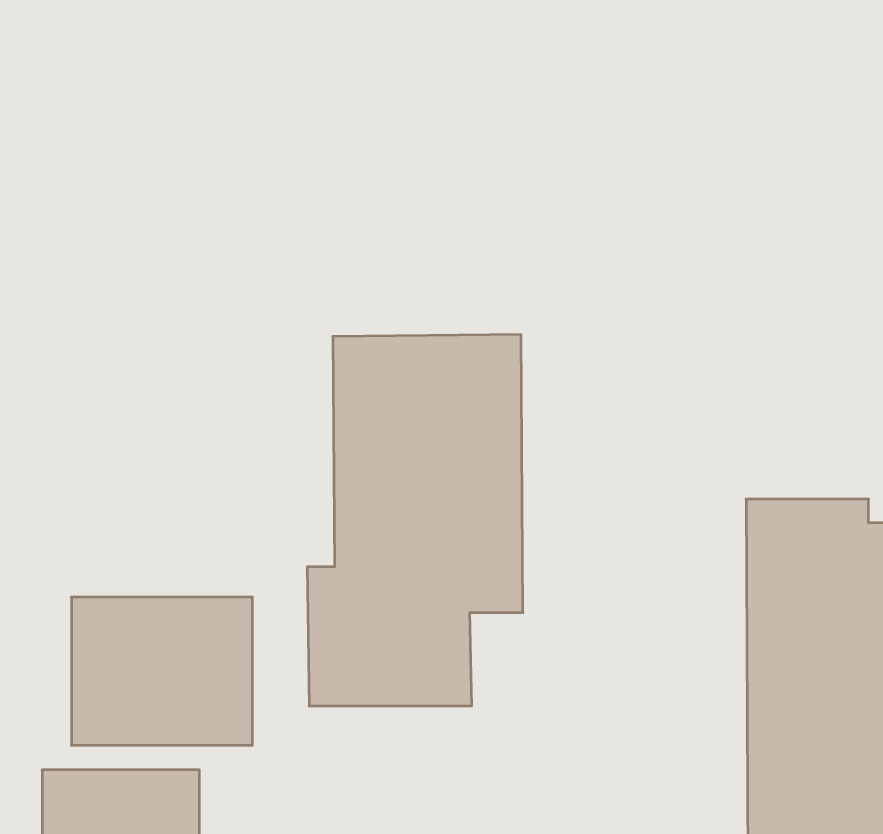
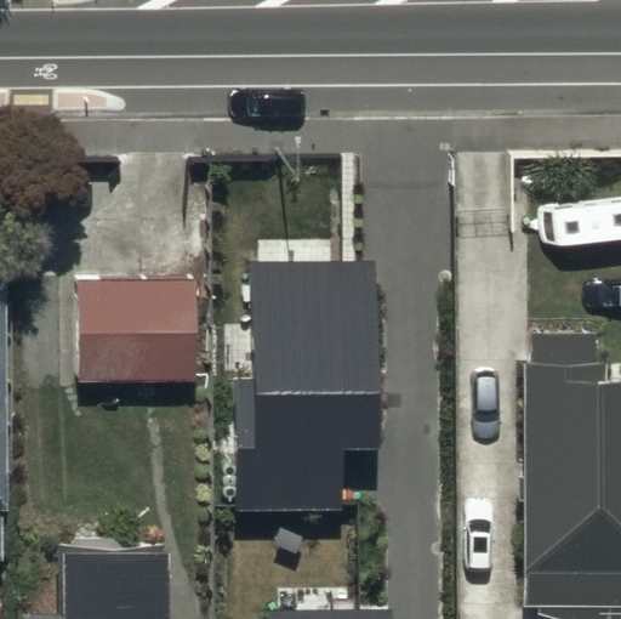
building: [71,597,252,745] -> [80,293,200,391]

